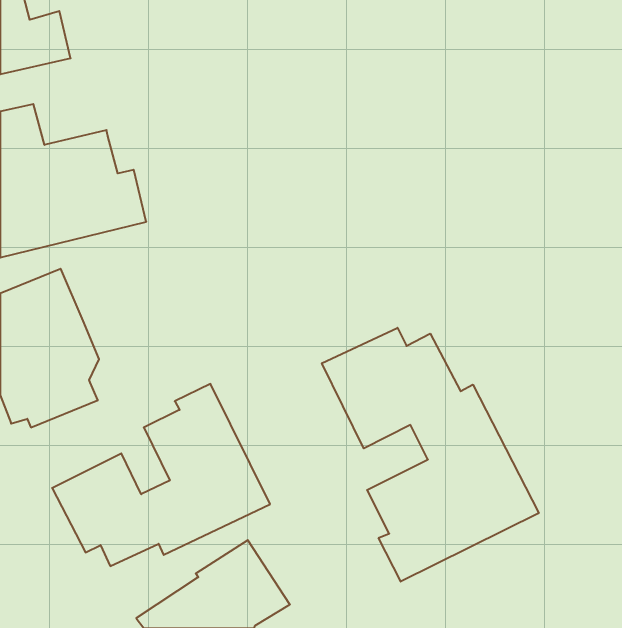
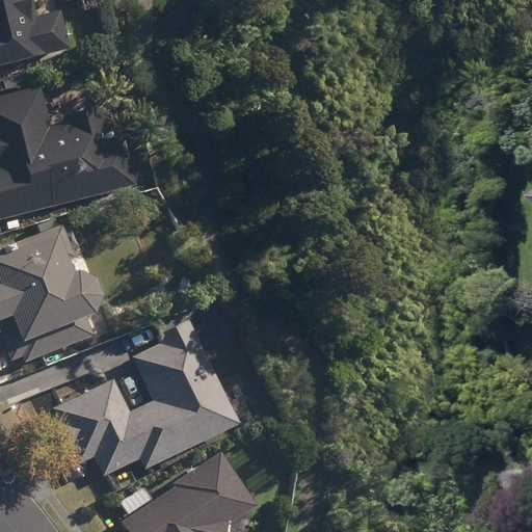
building: [322,328,539,582] -> none

